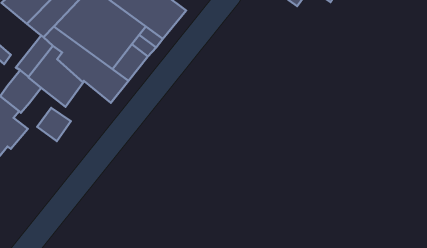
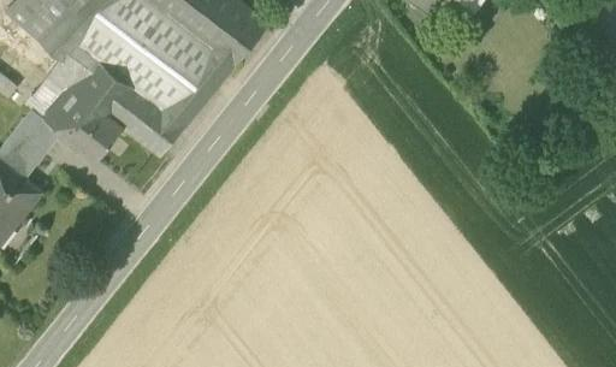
building: [37,108,71,141] -> none

